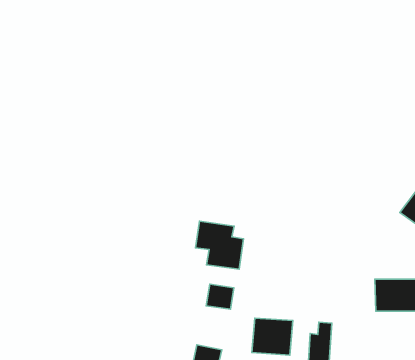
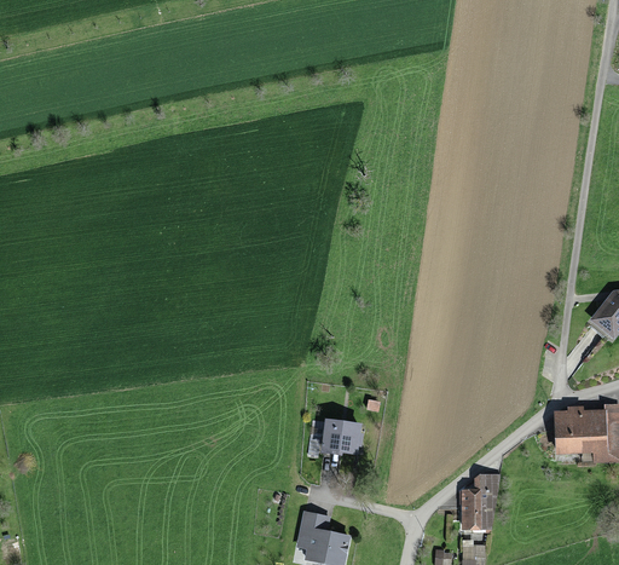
building: [196,221,243,269] -> none
building: [252,318,293,355] -> none

